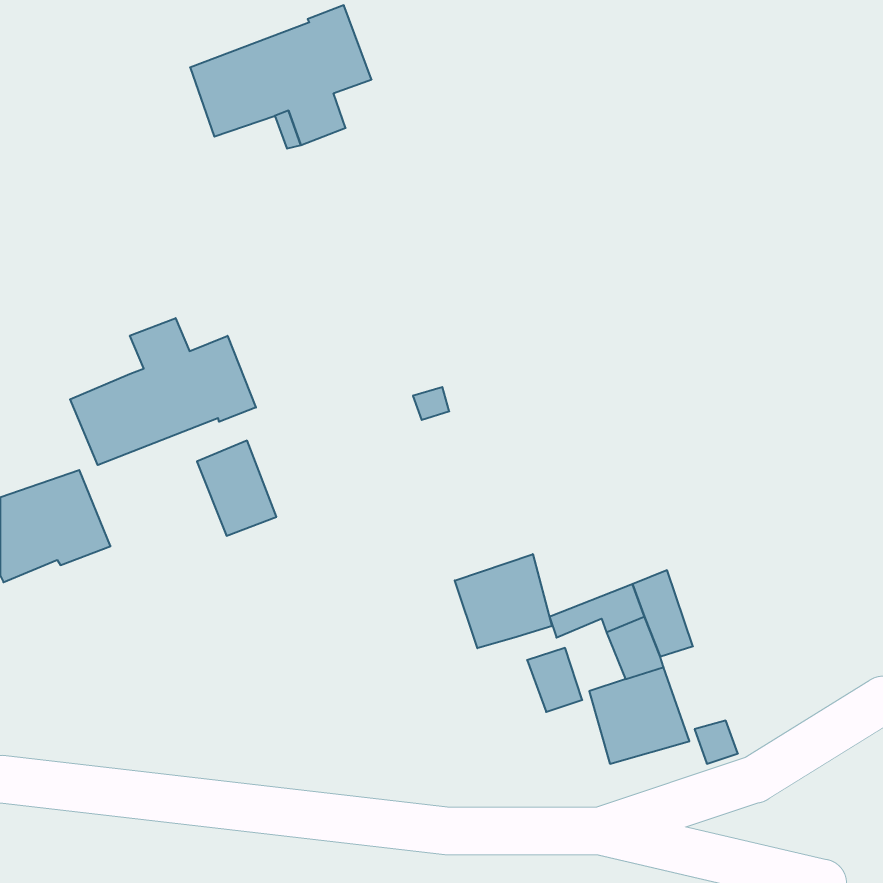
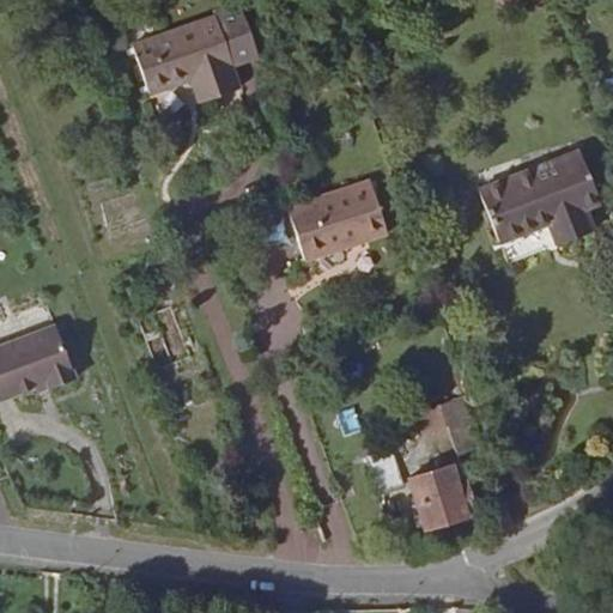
building: none -> [478,151,600,245]
building: none -> [287,181,388,260]
building: [70,318,256,465] -> none
building: [455,554,552,648] -> none

